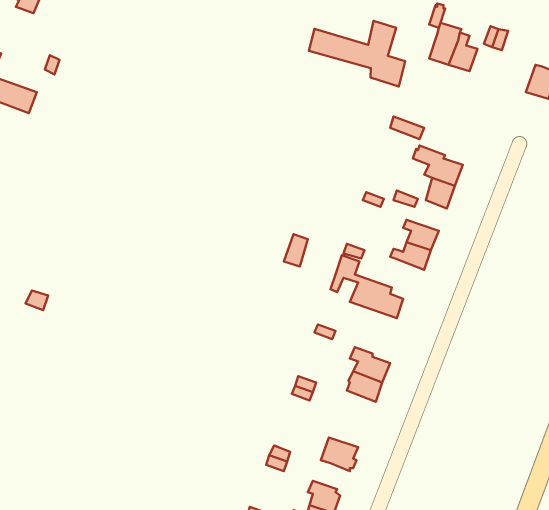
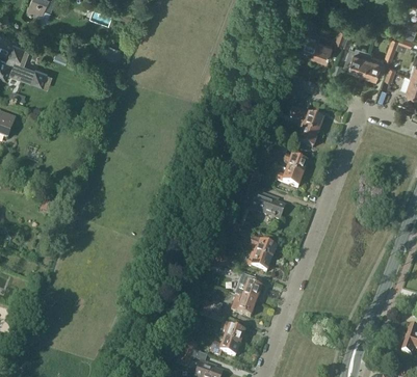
building: [309,21,405,87] -> none
building: none -> [345,45,370,72]
building: none -> [236,273,262,300]

